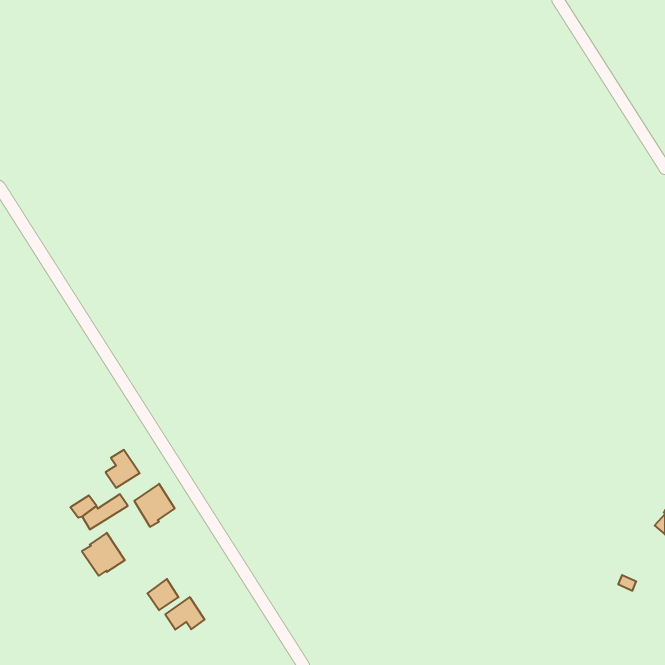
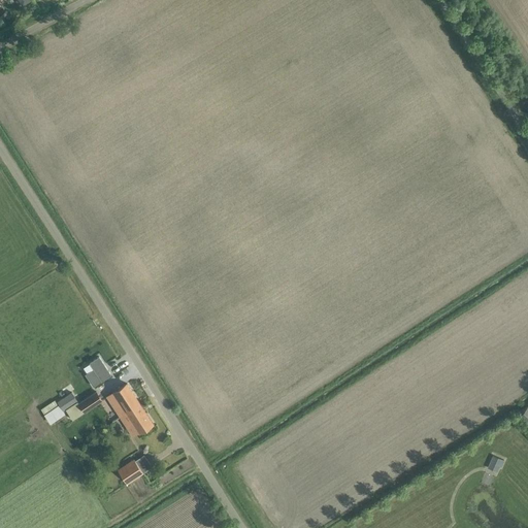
building: [82,533,125,576] -> [119,403,153,437]
building: [165,597,205,630] -> none

